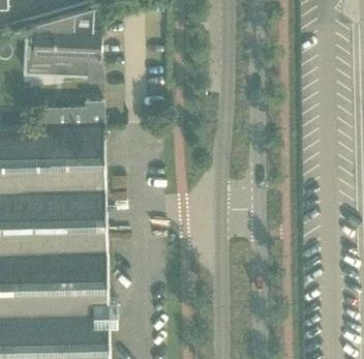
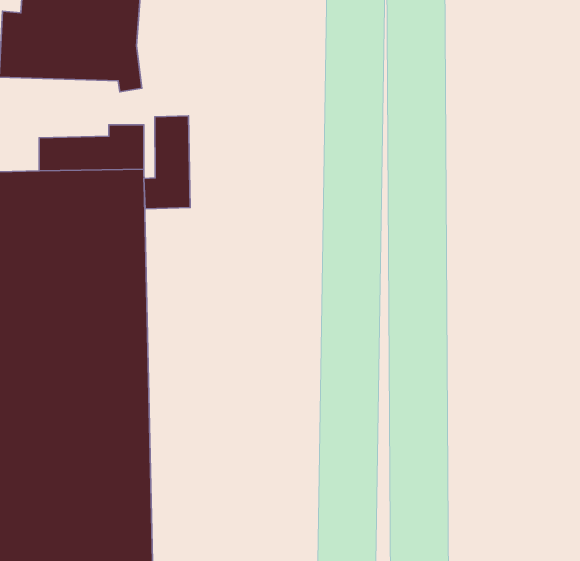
building: none -> [144,116,190,209]

